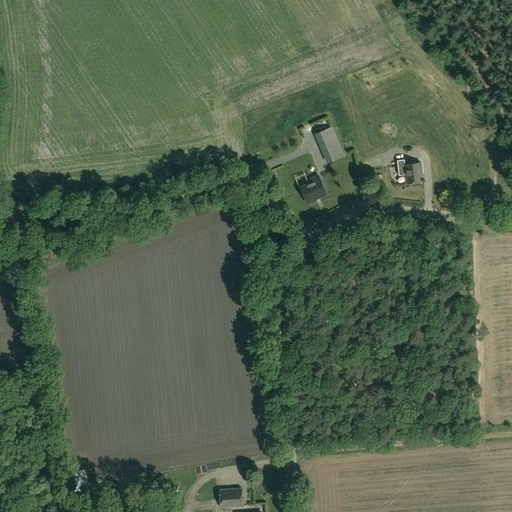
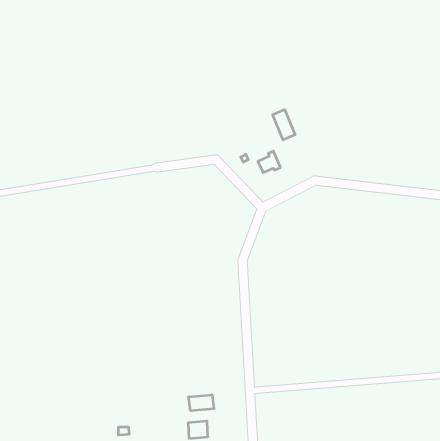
building: [396,159,421,183] -> none
building: none -> [189,395,214,411]

